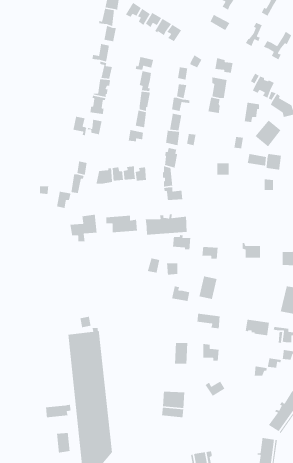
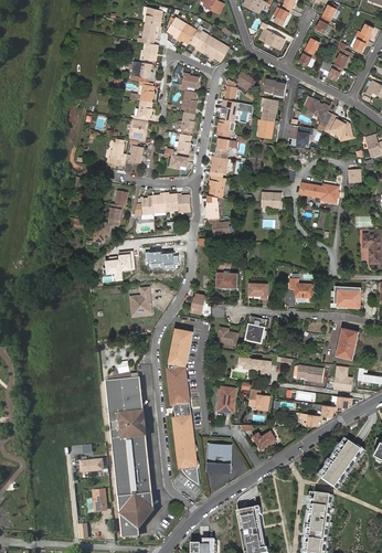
building: [255,119,282,147] -> none
building: [145,214,188,236] -> none
building: none -> [130,286,152,315]
building: none -> [170,328,201,483]

